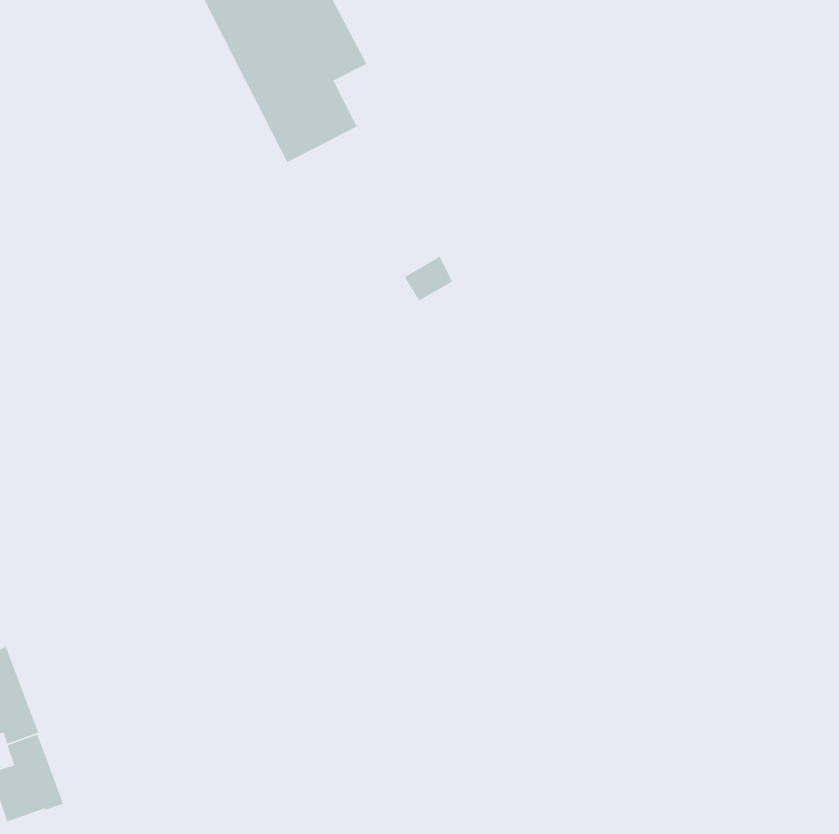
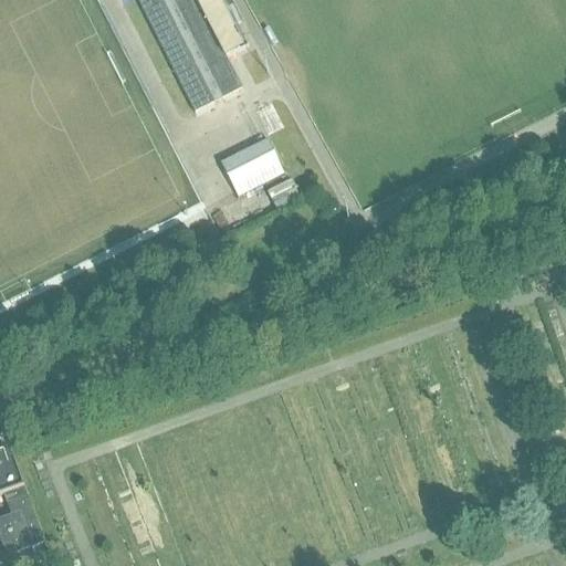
building: none -> [219,137,283,195]

